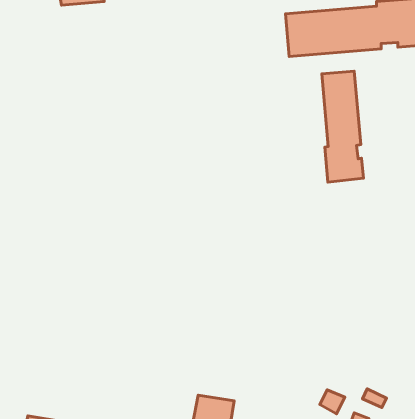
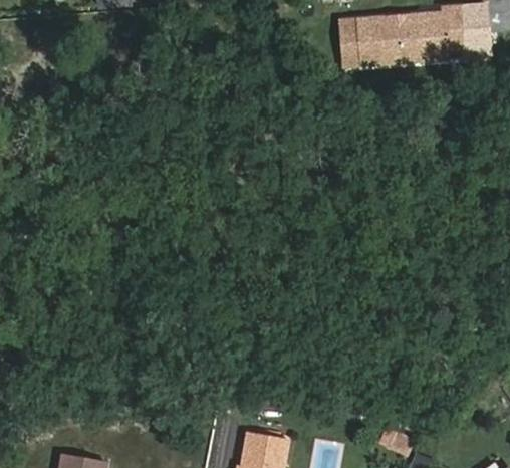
building: [322,71,364,182] -> none

